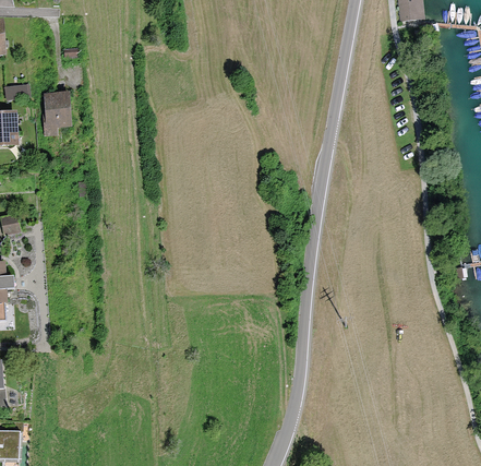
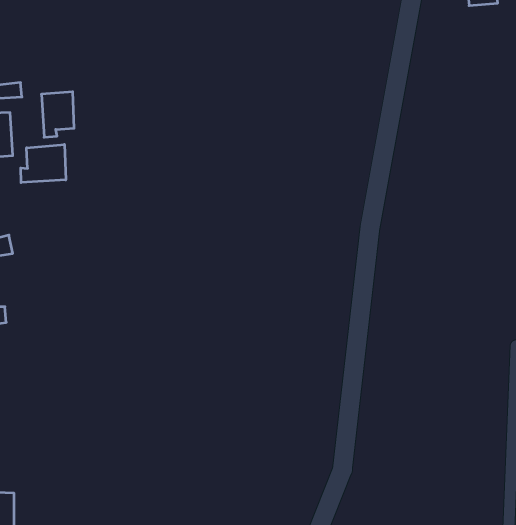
building: none -> [21,144,66,183]

